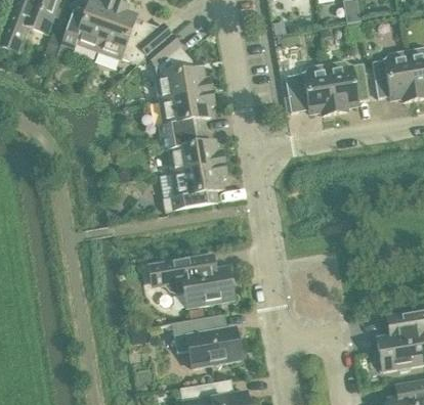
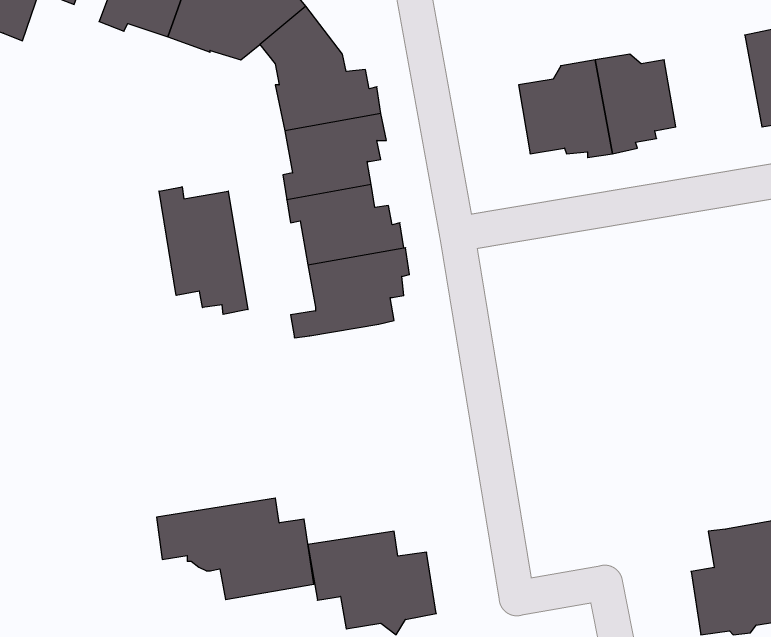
building: [372,49,416,100] -> none
building: none -> [159,187,248,314]
building: [151,253,235,307] -> [157,498,314,600]

